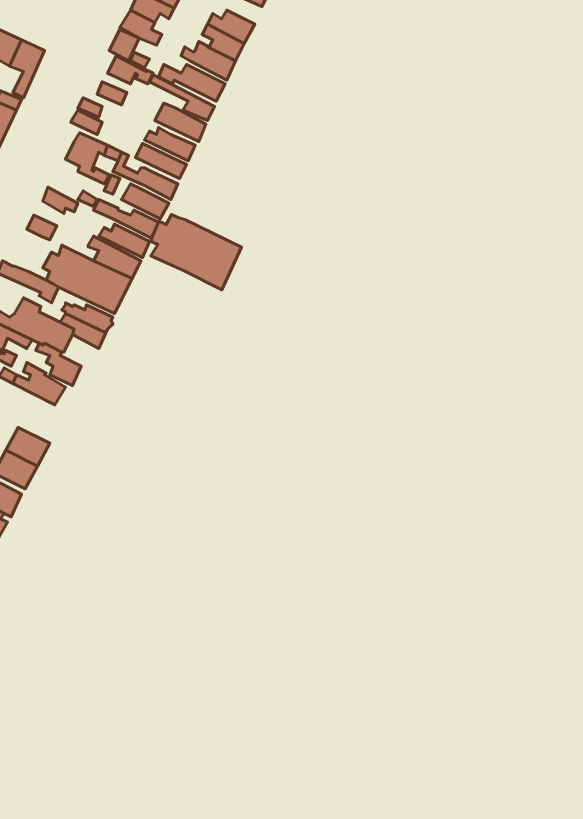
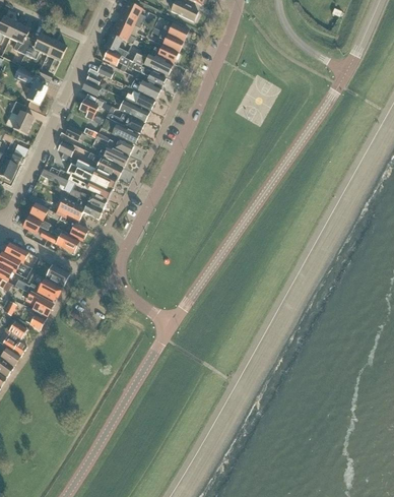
building: [151,215,241,290] -> none

